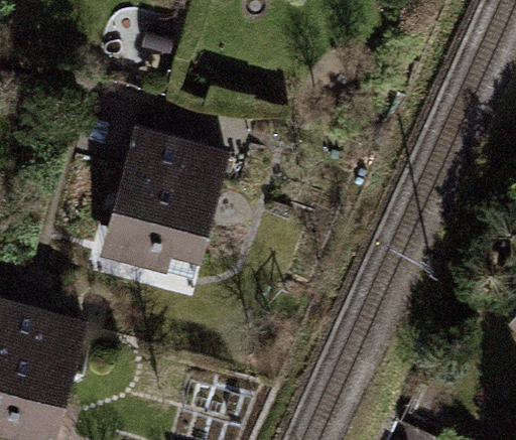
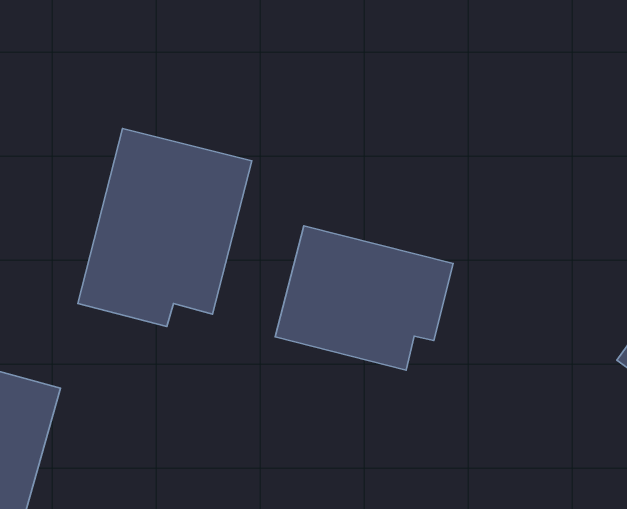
building: none -> [275,226,453,370]

